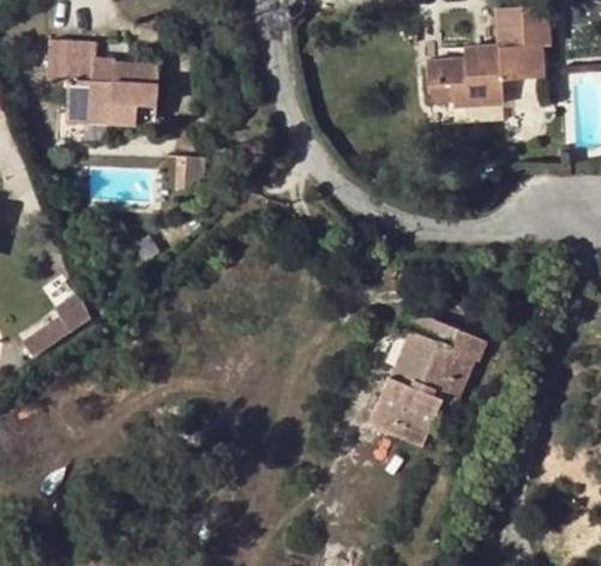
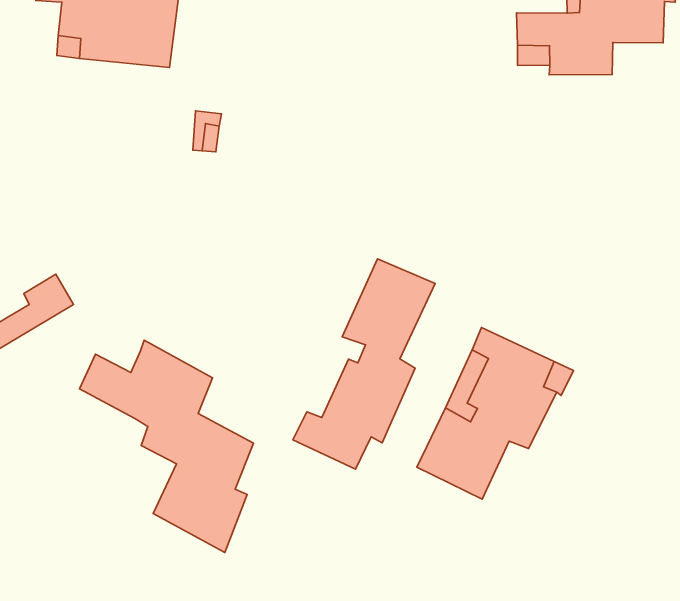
building: none -> [293,259,435,469]
building: none -> [79,340,253,553]

